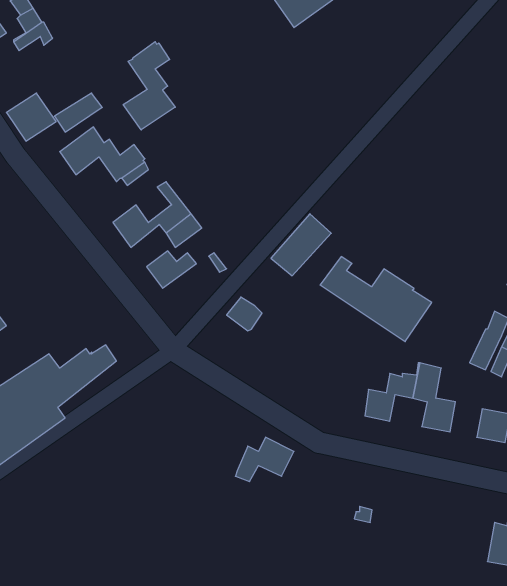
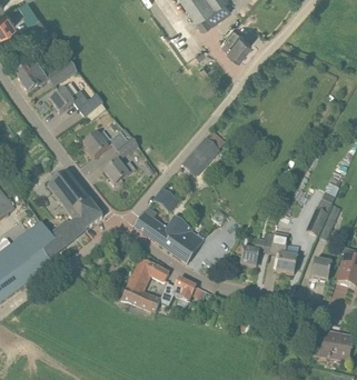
building: none -> [221,28,251,58]
building: [123,42,175,130] -> none
building: [320,257,432,342] -> [133,209,204,262]
building: none -> [47,170,102,229]
building: none -> [120,259,169,311]

